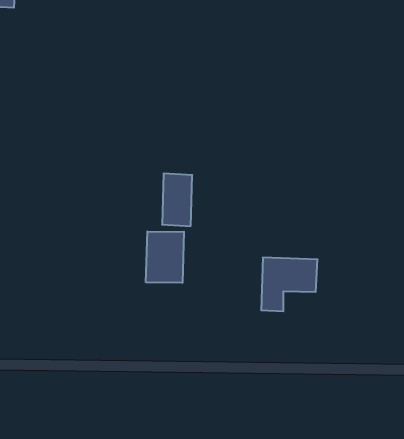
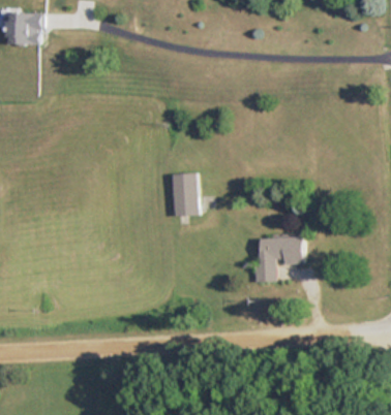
building: [146,231,184,283] -> none

